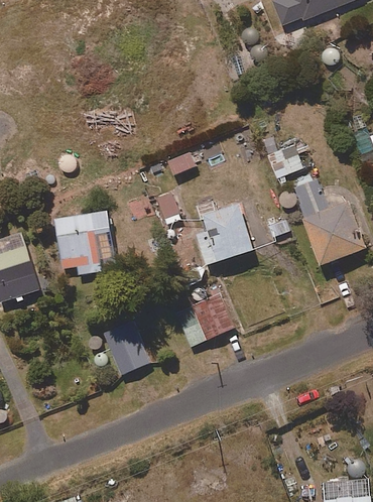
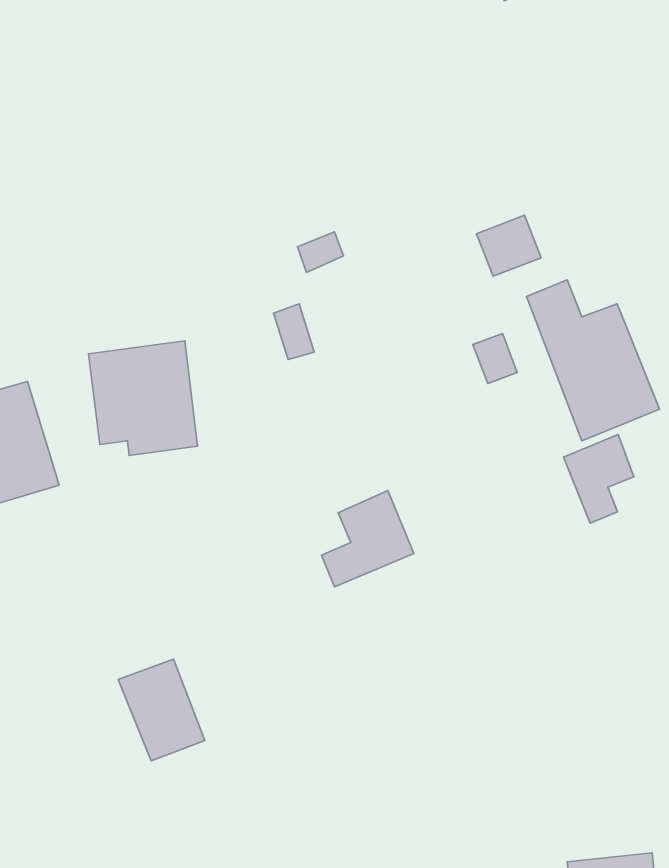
building: [196,201,254,266] -> none
building: none -> [563,435,634,523]
building: [101,319,148,374] -> [118,659,205,761]

